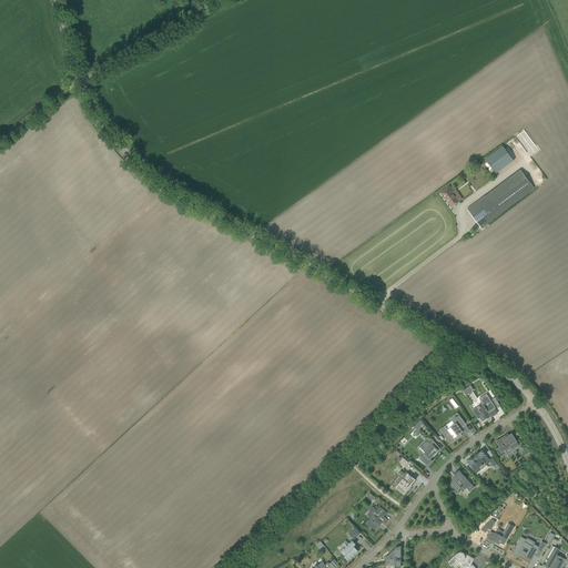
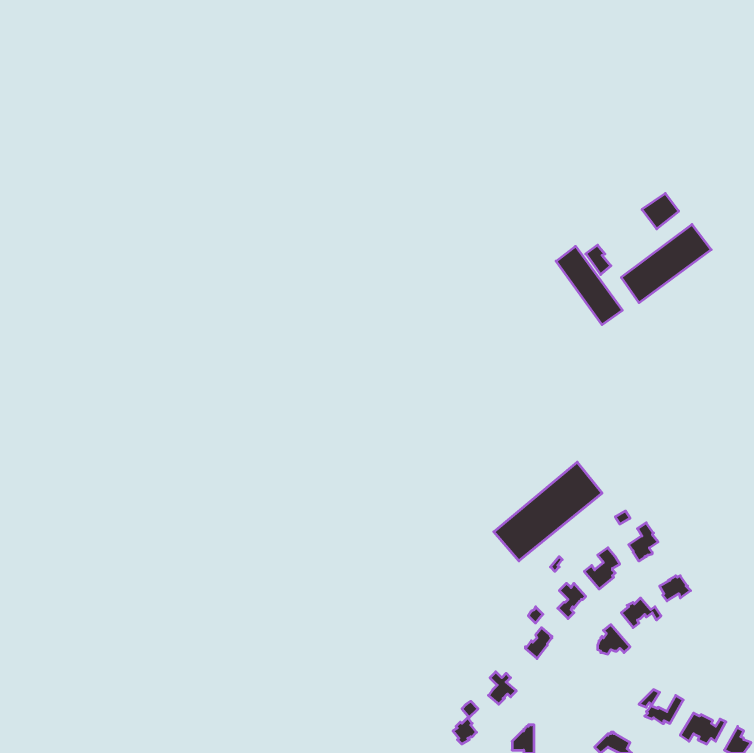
building: none -> [556,246,622,325]
building: none -> [494,462,602,561]

